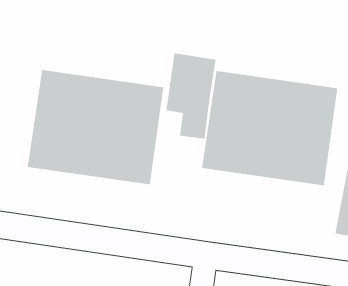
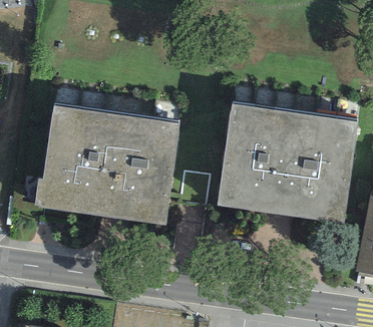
building: [165,52,217,140] -> none

